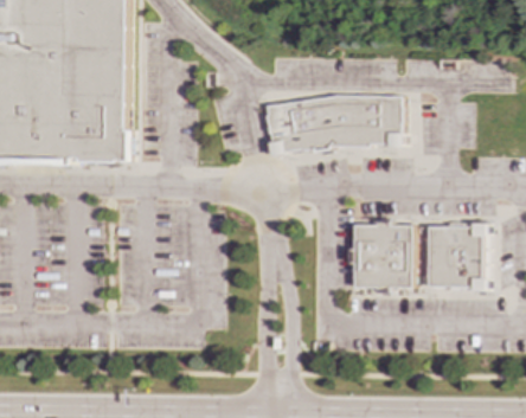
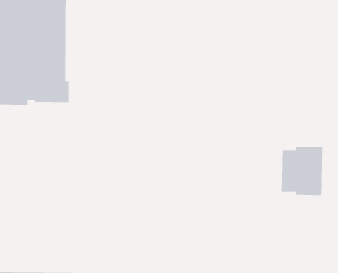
building: [265,94,404,154] -> none
building: [349,221,410,288] -> none

